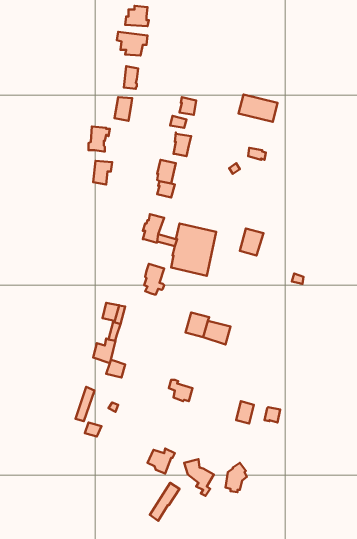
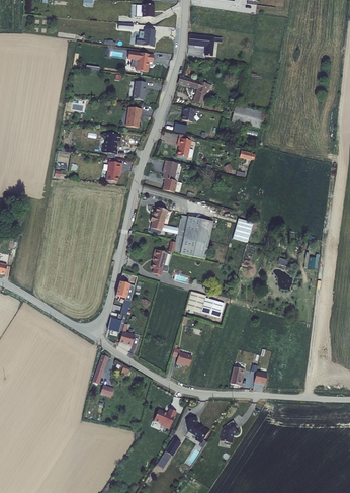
building: none -> [188,33,214,56]
building: none -> [177,75,209,103]

